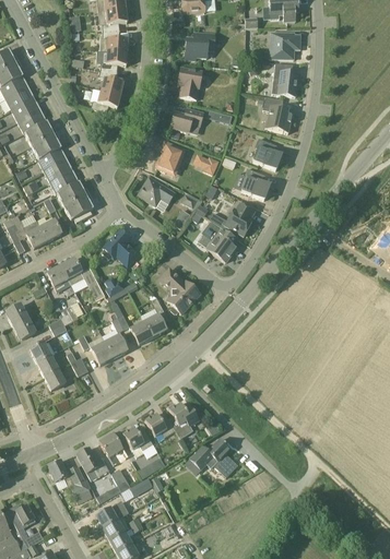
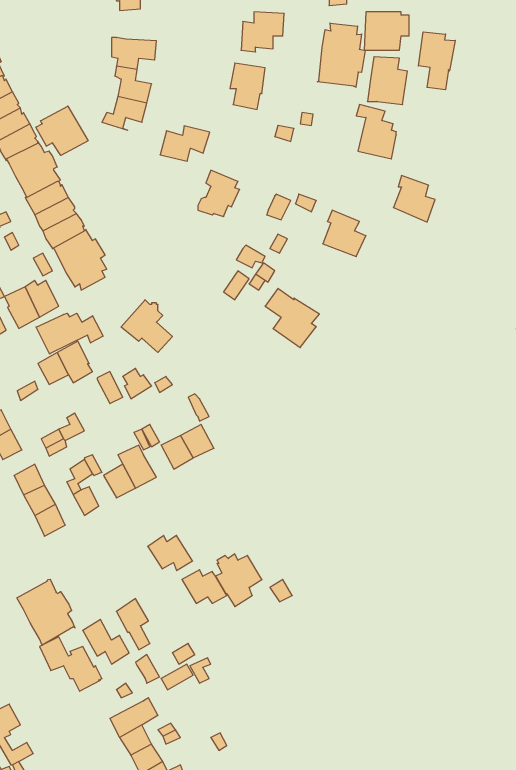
building: [101,29,128,51] -> none
building: none -> [317,23,365,87]
building: none -> [418,32,455,90]
building: none -> [36,106,88,155]
building: [170,107,204,131] -> [160,126,210,161]
building: [253,138,282,169] -> [393,176,435,222]
building: [140,180,176,205] -> none
building: [225,202,256,236] -> none
building: none -> [36,313,103,354]
building: [159,269,200,313] -> none
building: none -> [17,579,75,645]
building: [123,426,154,450] -> [148,535,193,571]
building: [190,438,231,469] -> none

